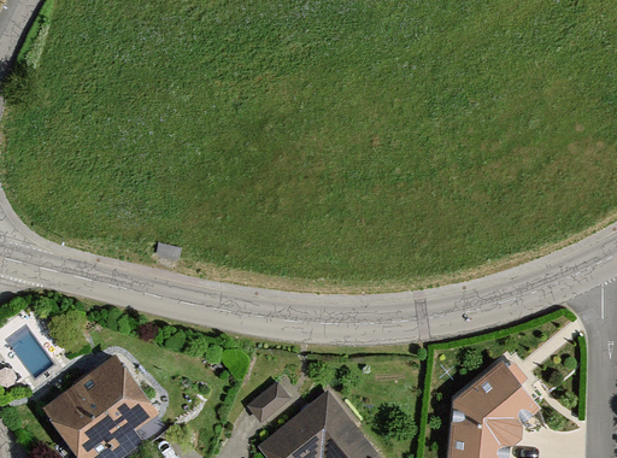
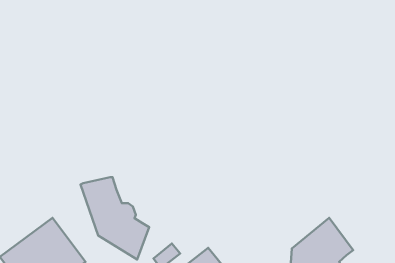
building: none -> [81,177,149,259]

